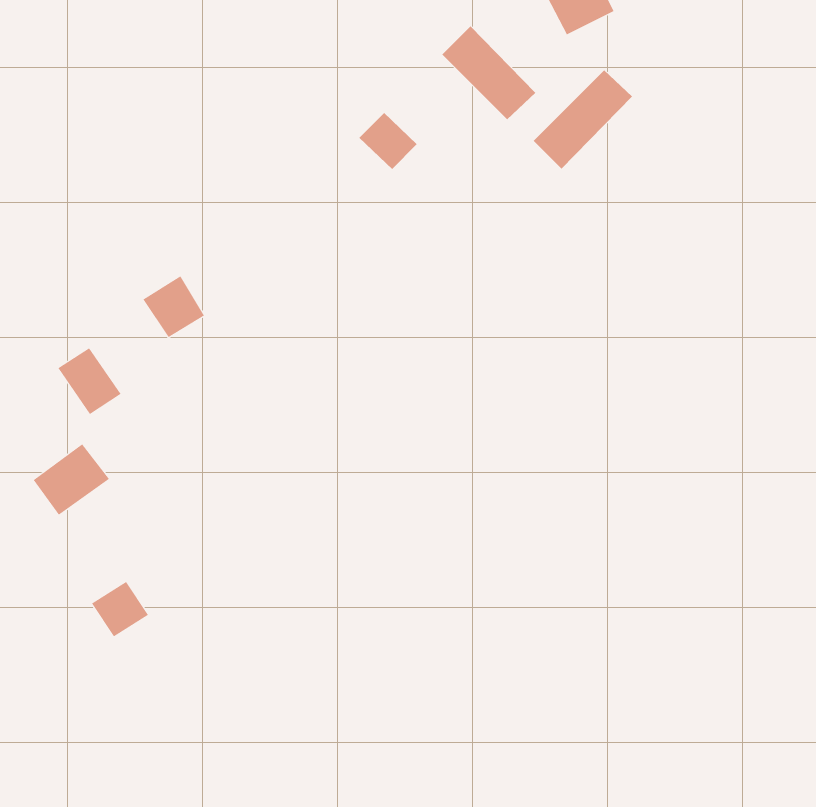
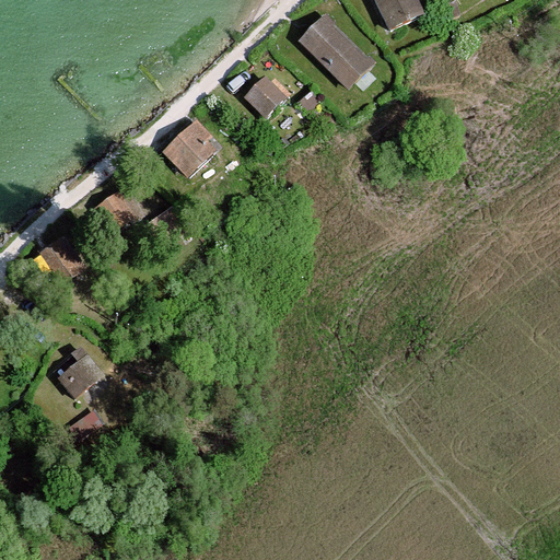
building: [533,70,633,170] -> none
building: none -> [161,119,215,180]
building: [33,443,110,516] -> [54,353,106,402]

